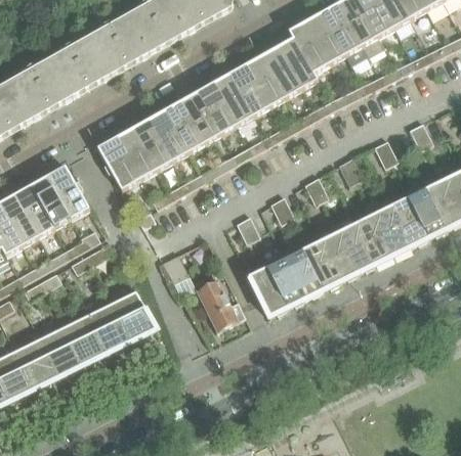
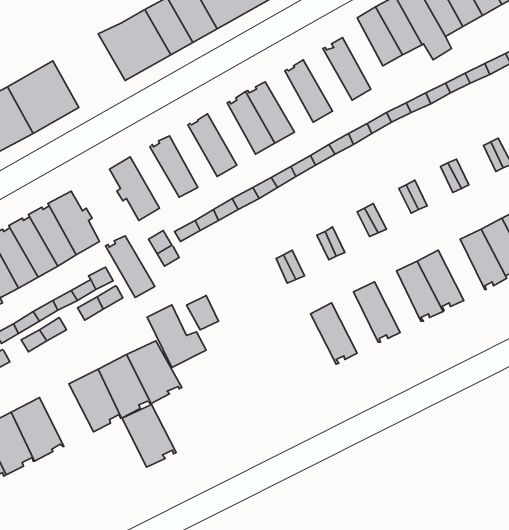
building: [287,20,325,80] -> none
building: [49,34,110,95] -> none
building: [258,46,299,98] -> none
building: [226,64,266,116] -> none
building: [178,91,218,143] -> none
building: [146,109,186,162] -> none
building: [114,128,155,179] -> [106,236,155,297]
building: [371,204,410,256] -> none
building: [318,231,357,282] -> none
building: [282,248,321,300] -> none
building: [247,267,286,317] -> none
building: [196,277,245,329] -> [147,305,206,367]
building: [38,325,83,377] -> [122,405,176,467]

